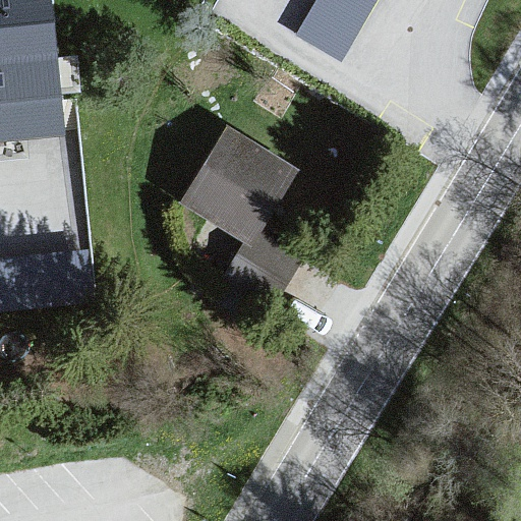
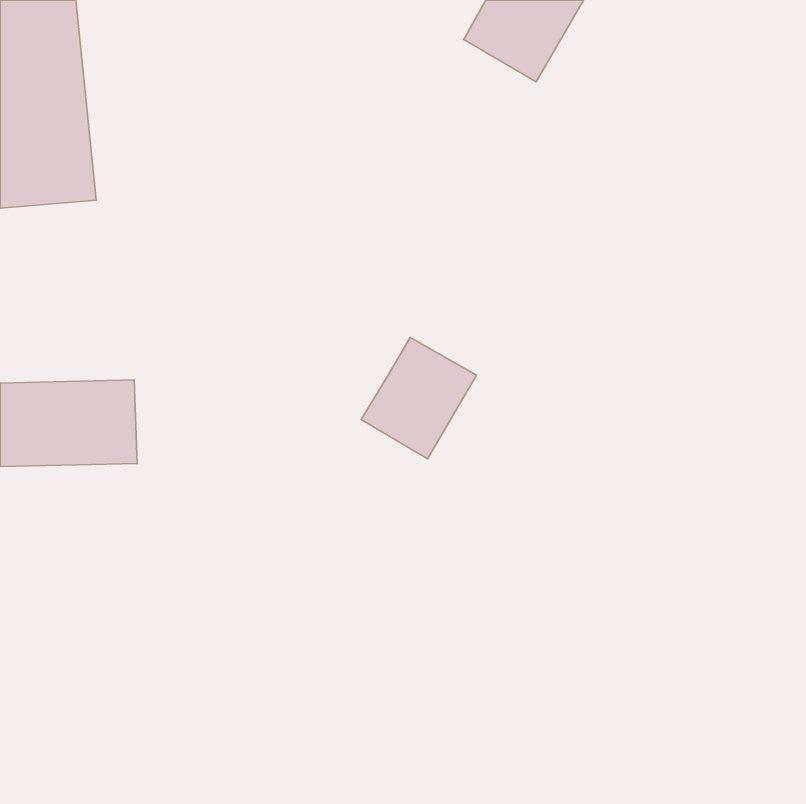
building: [182,127,295,243] -> none

